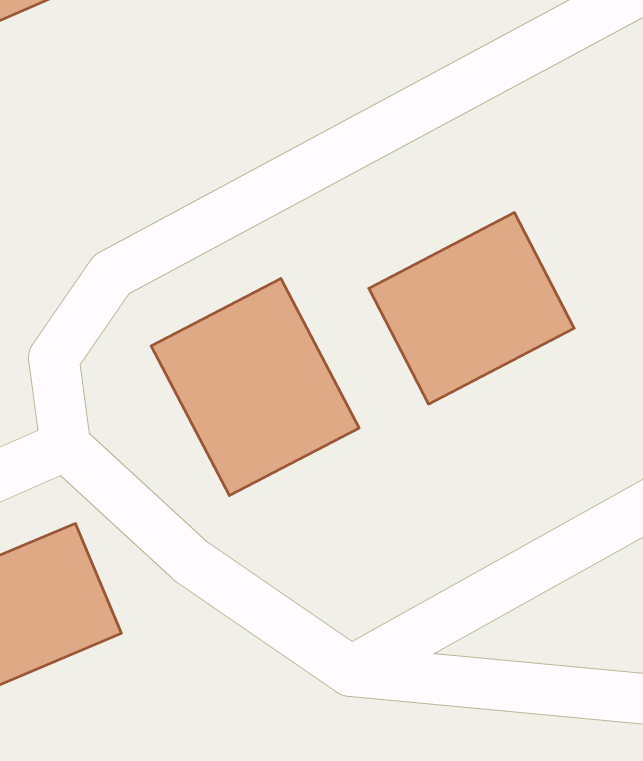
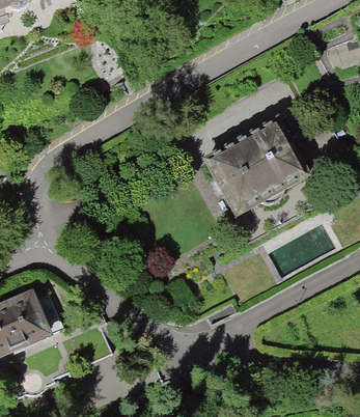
building: [151,278,359,496] -> none

